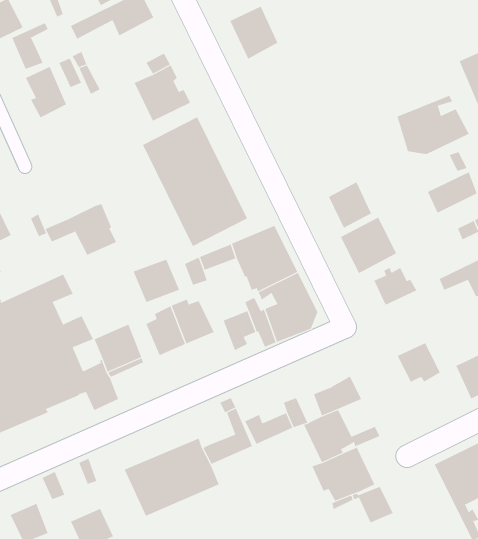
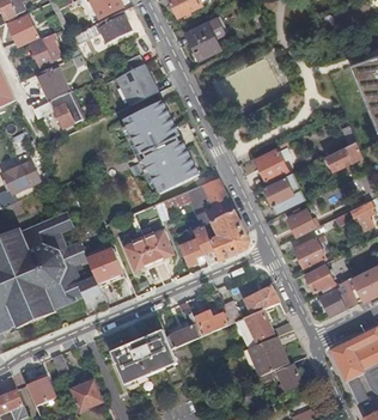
building: [397,95,470,155] -> none
building: [45,204,117,256] -> [32,91,84,128]
building: [133,259,180,303] -> none
building: none -> [293,237,324,267]
building: none -> [319,279,356,316]

